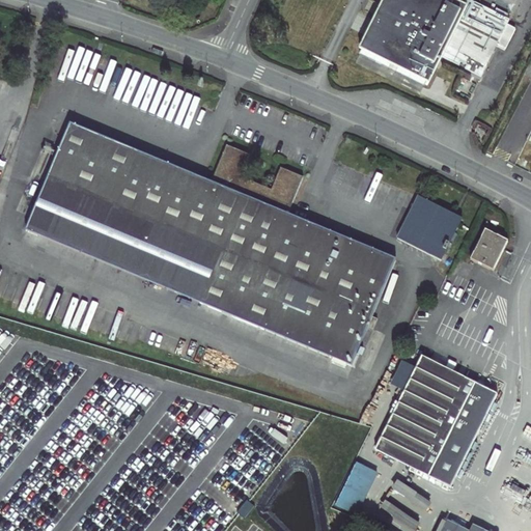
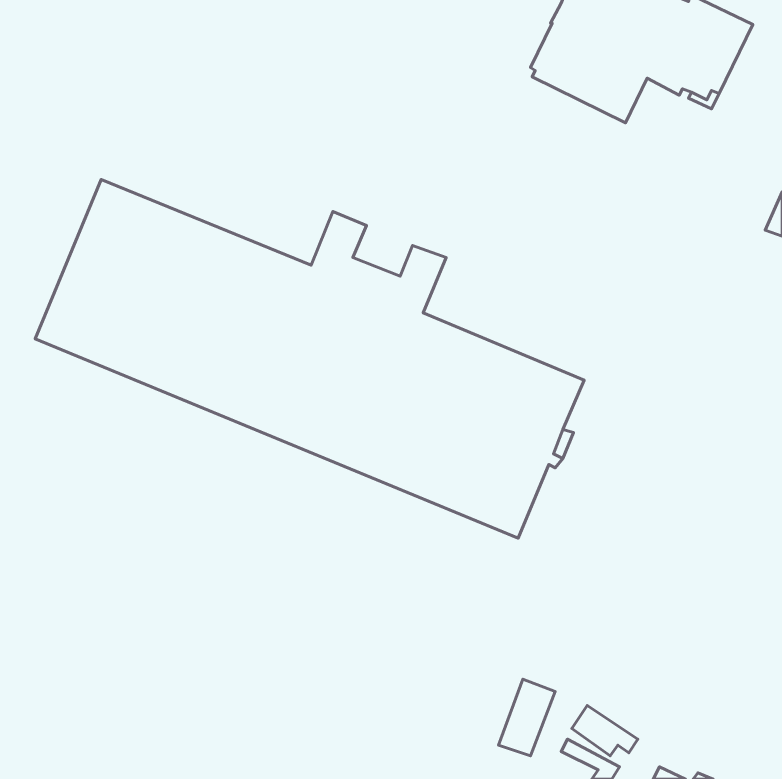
building: [396,194,462,257] -> none
building: [469,227,506,269] -> none
building: [374,354,497,485] -> none

